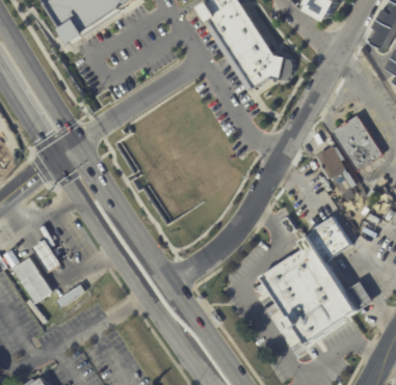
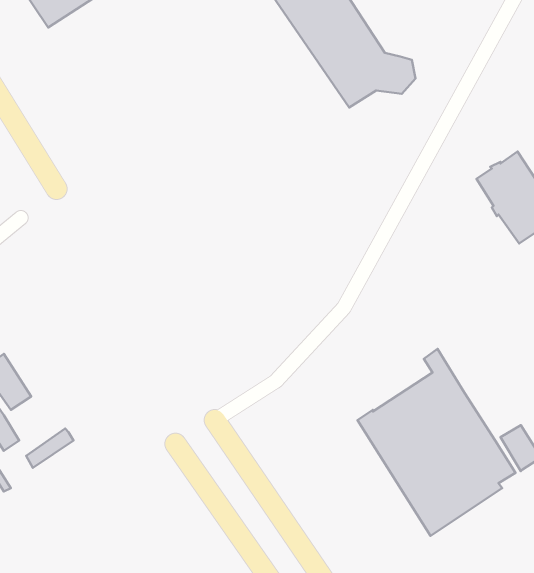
building: [313,146,357,193] -> none
building: [308,218,348,259] -> none

